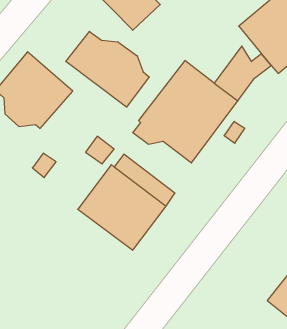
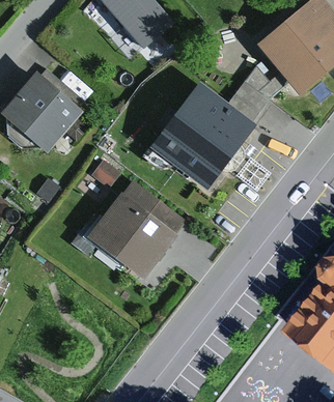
building: [66,31,149,107] -> none

